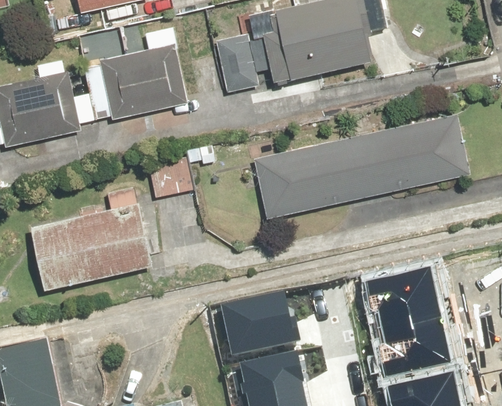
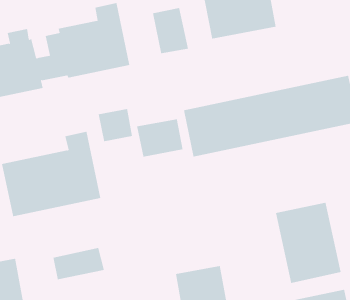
building: none -> [136,118,183,158]
building: [221,290,301,353] -> none
building: none -> [53,247,105,280]

